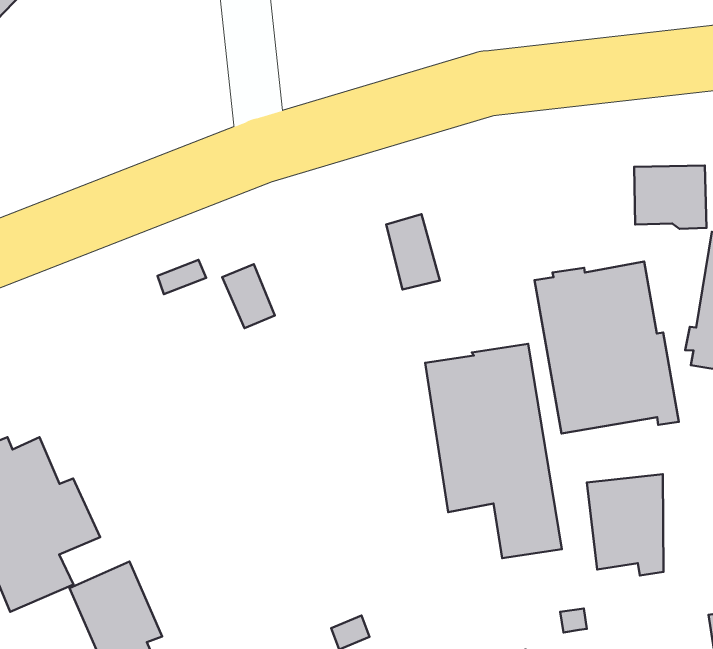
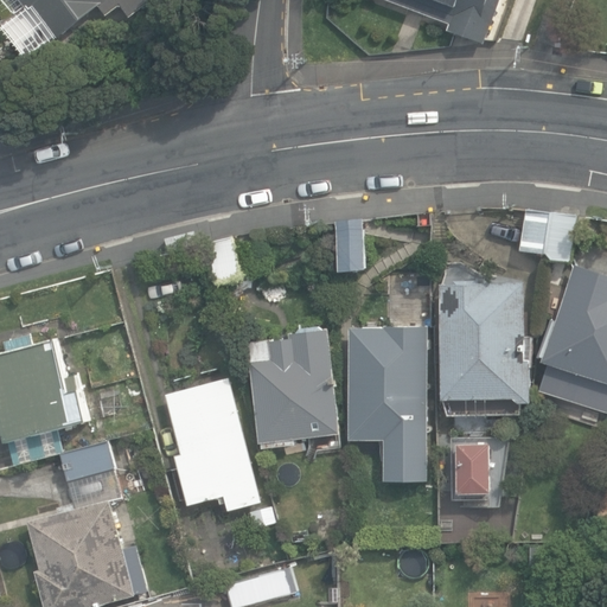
building: none -> [247,330,339,449]
building: none -> [164,378,261,511]

